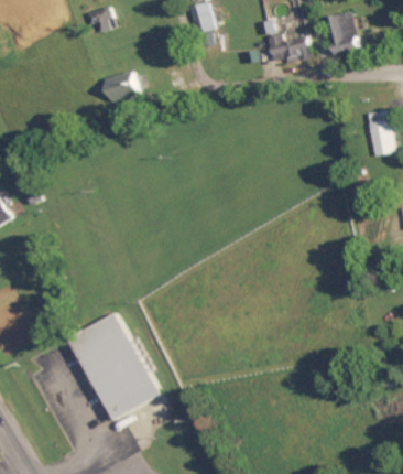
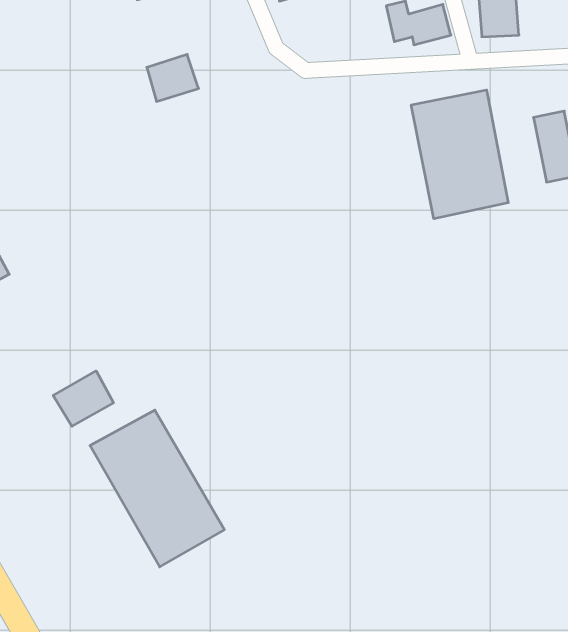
building: none -> [411,90,508,219]
building: none -> [53,371,113,426]

